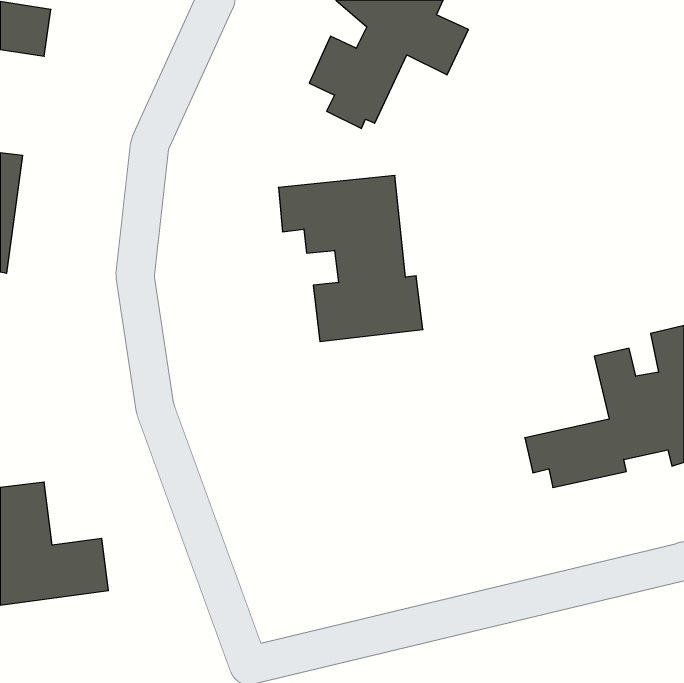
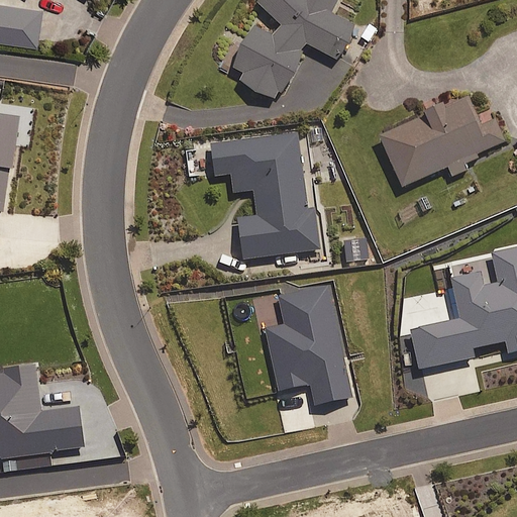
building: none -> [378,97,505,186]
building: none -> [265,287,351,405]

